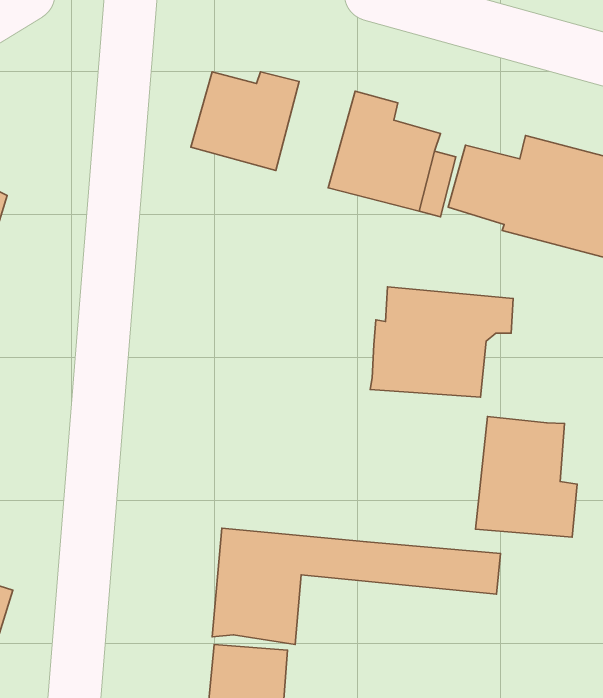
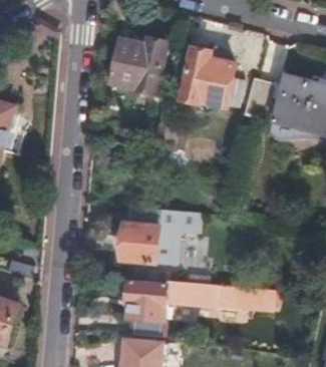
building: [370,287,513,397] -> [117,207,192,264]
building: [476,416,577,537] -> none

